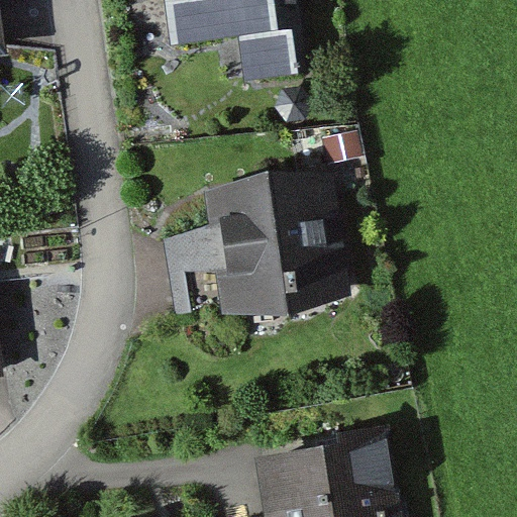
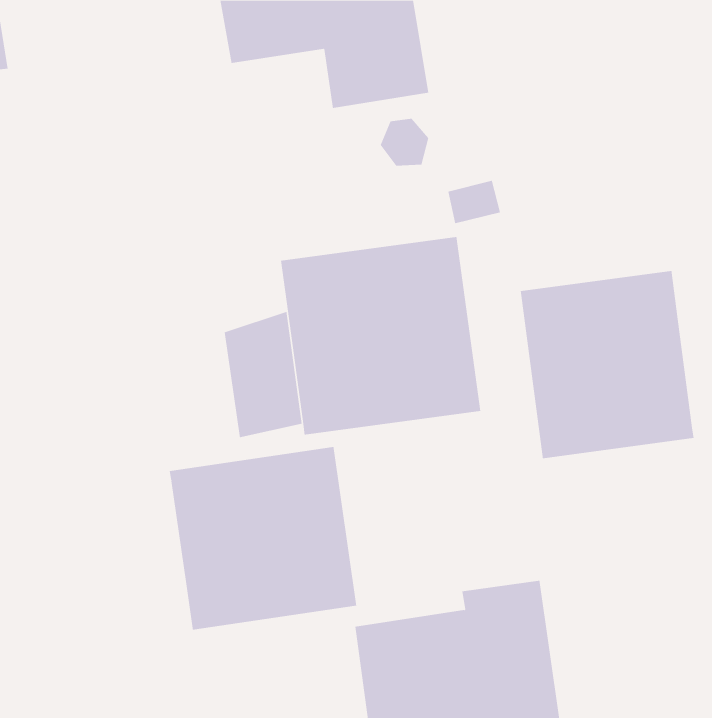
building: none -> [520,270,694,459]
building: none -> [169,446,357,630]

